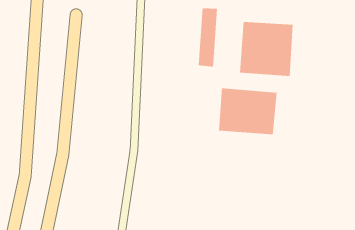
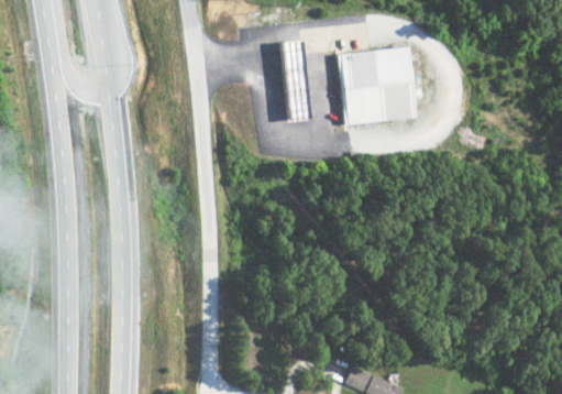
building: [218,87,277,135] -> none

